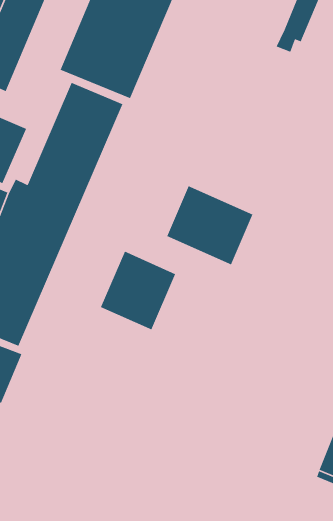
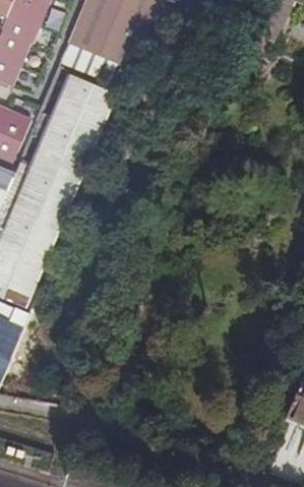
building: [166,185,254,265] -> none
building: [100,251,176,331] -> none

